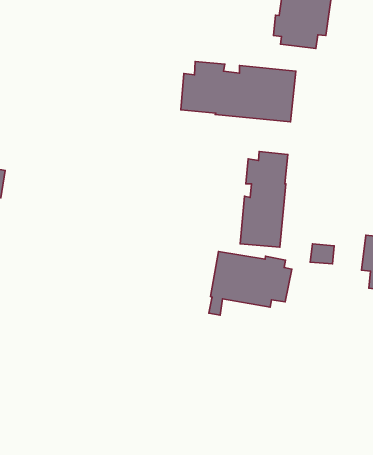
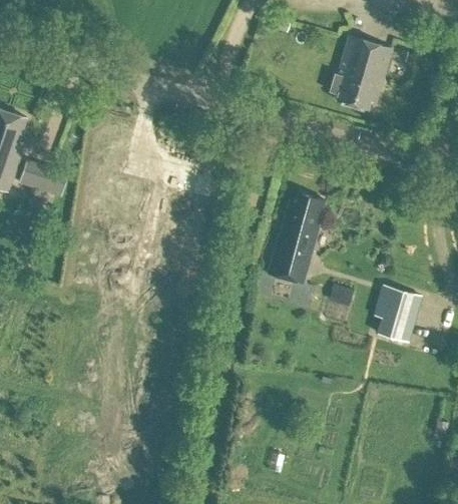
building: [181,61,296,122] -> none
building: [209,251,292,315] -> none

